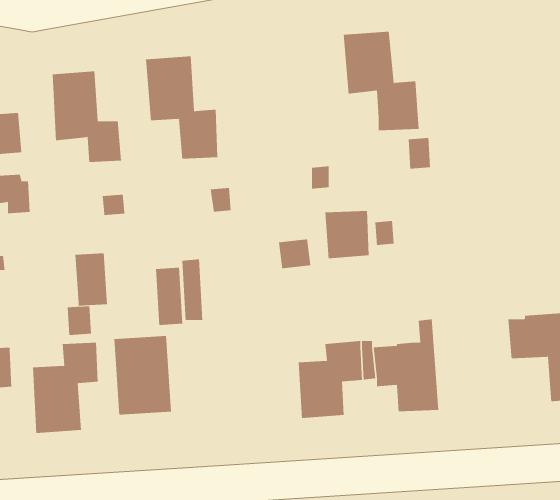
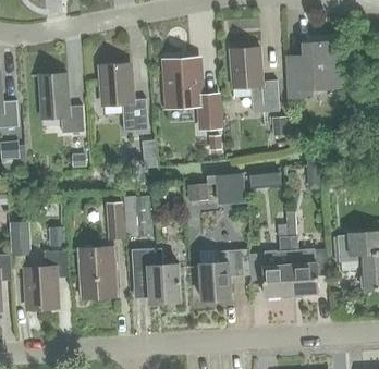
building: none -> [289,41,338,97]
building: none -> [164,58,219,128]
building: [75,253,108,306] -> [9,221,30,256]
building: none -> [286,211,328,295]
building: none -> [132,248,180,304]

